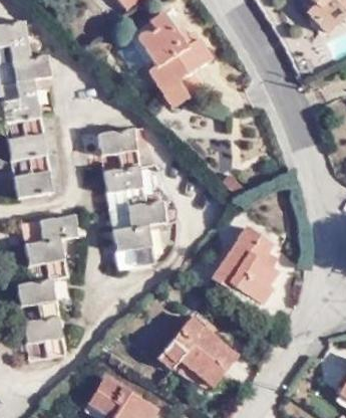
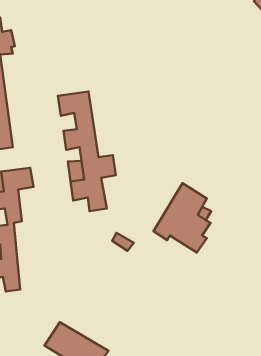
building: [138,24,212,108] -> none
building: [155,321,234,389] -> none

